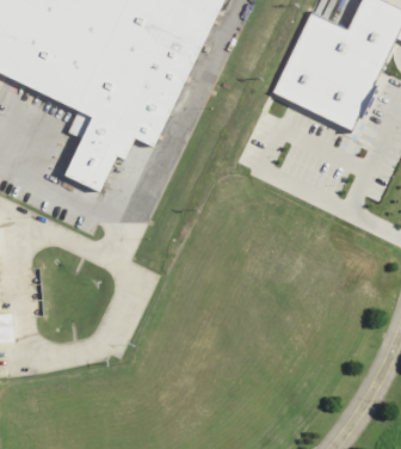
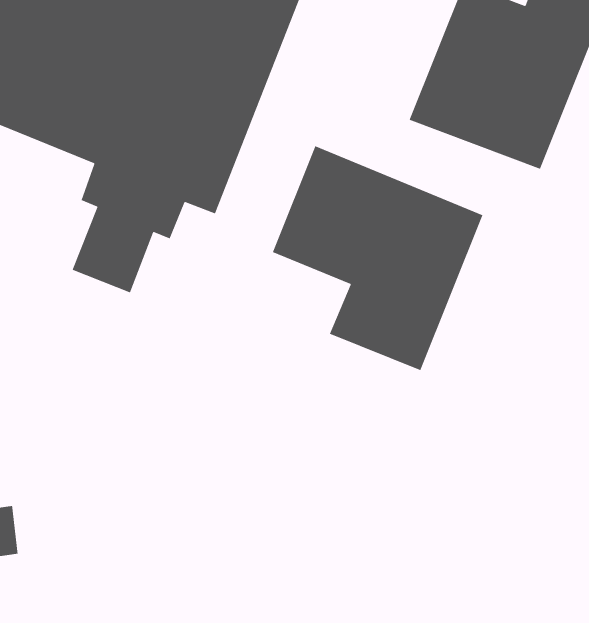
building: none -> [272,145,484,371]

